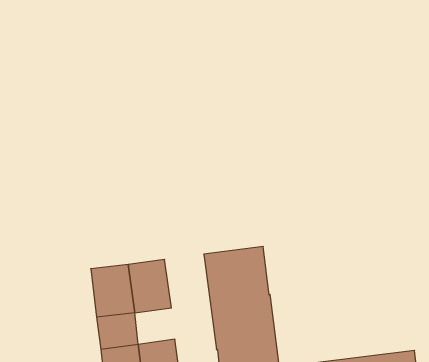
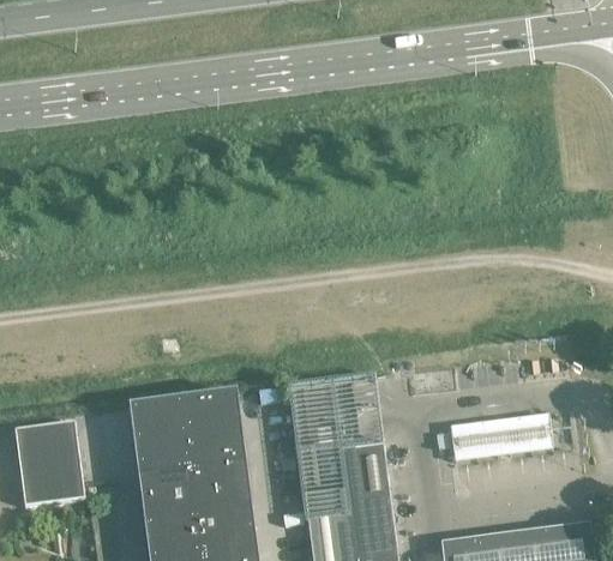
building: none -> [452,416,551,464]
building: none -> [13,421,83,505]
building: none -> [192,462,248,513]

